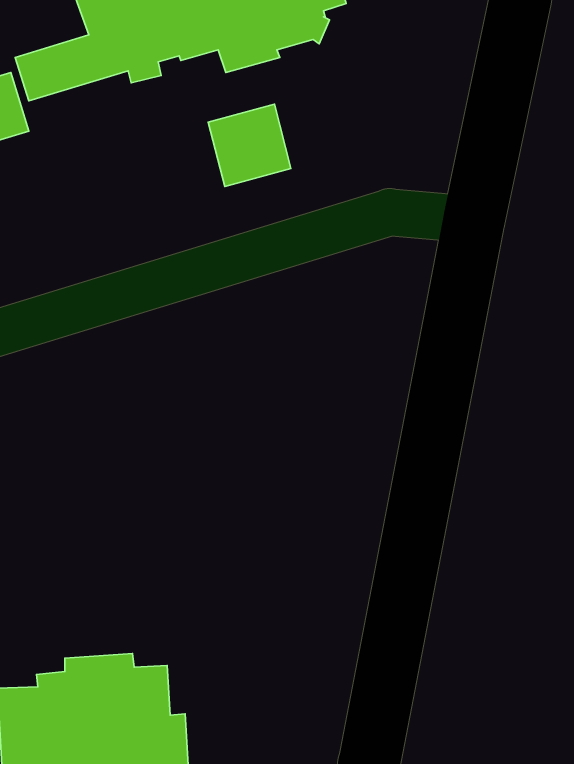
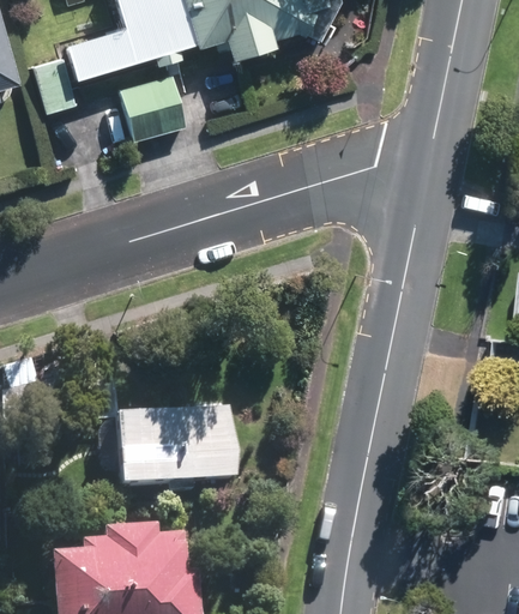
building: [208,104,291,187] -> [121,74,187,140]
building: none -> [79,356,237,492]

